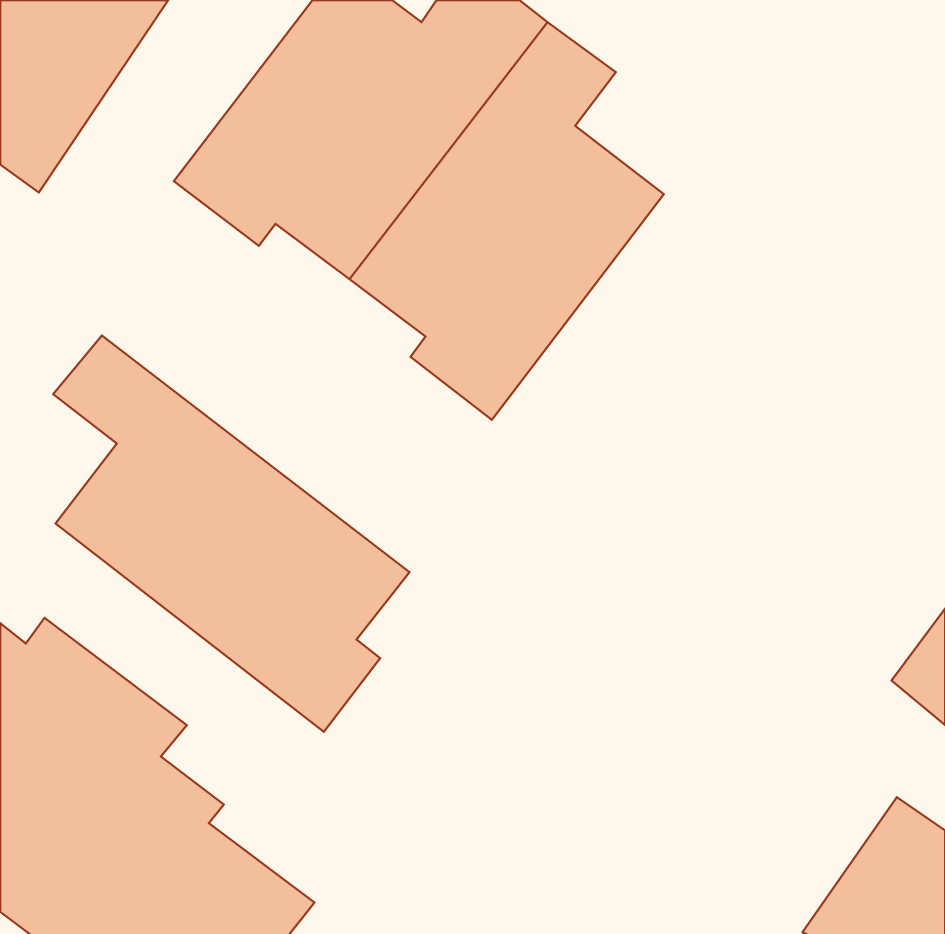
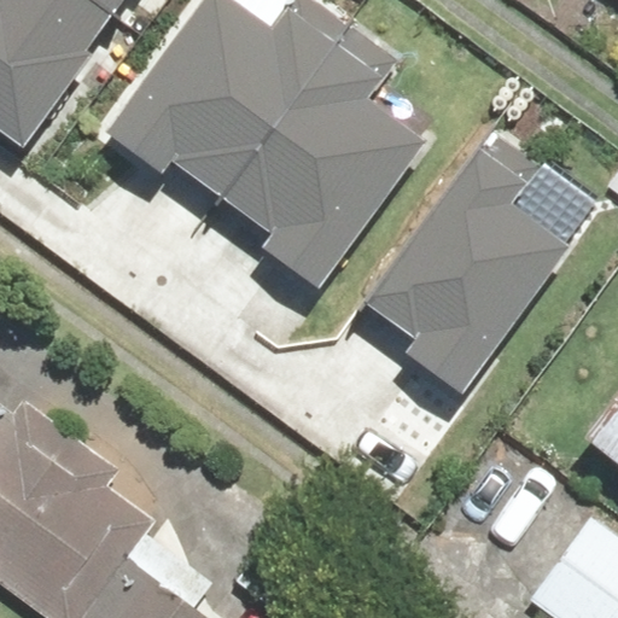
building: none -> [363,133,570,391]
building: [53,335,410,732] -> none

